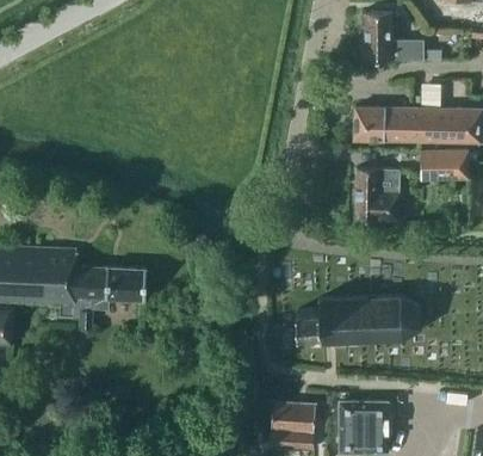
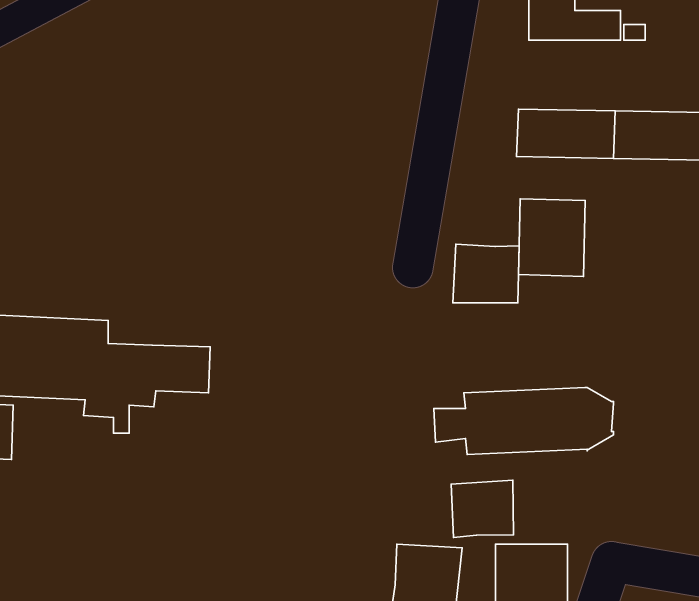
building: [421,150,470,180] -> none
building: none -> [453,244,519,303]
building: none -> [451,480,514,537]

